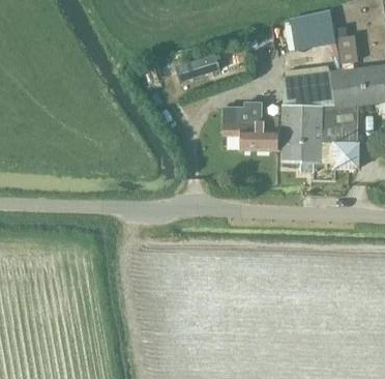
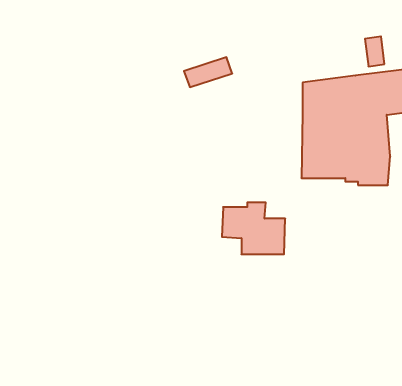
building: [290,9,334,48] -> none
building: [221,104,278,150] -> [222,202,285,254]

